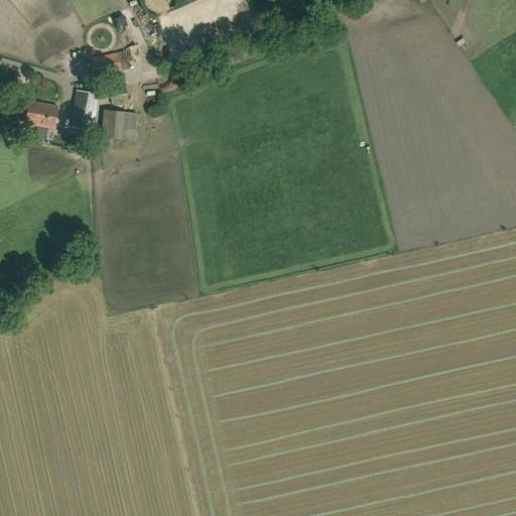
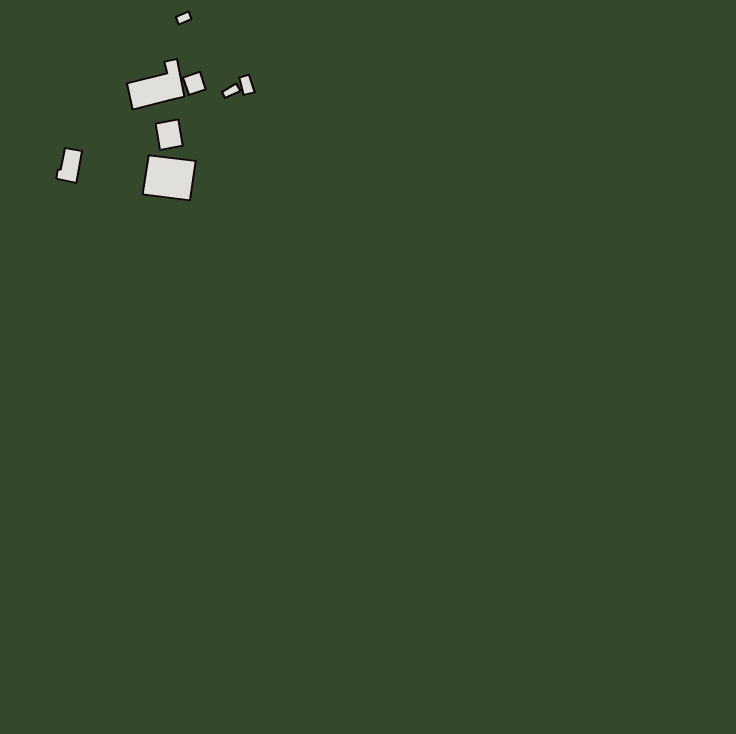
building: [71,90,98,129] -> none
building: [24,101,45,125] -> none

